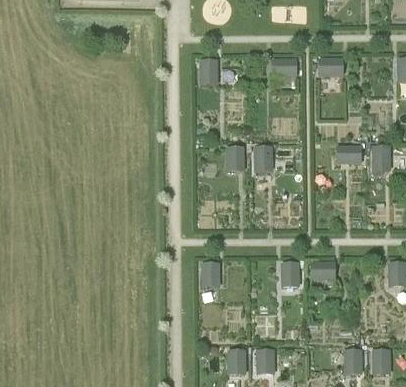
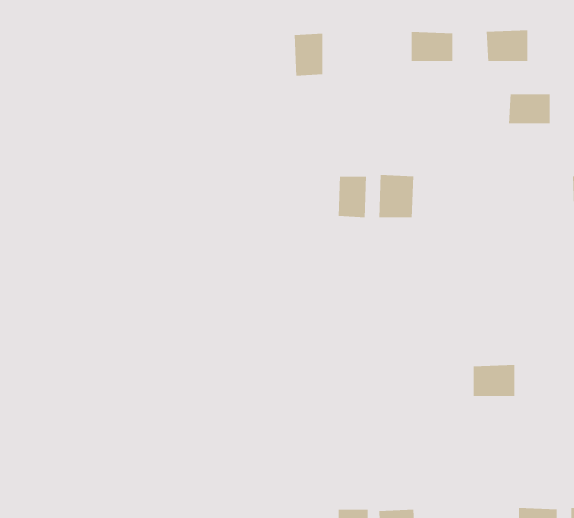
building: [336,144,362,163] -> [508,93,550,124]
building: [278,261,300,288] -> none
building: [200,263,222,288] -> none

